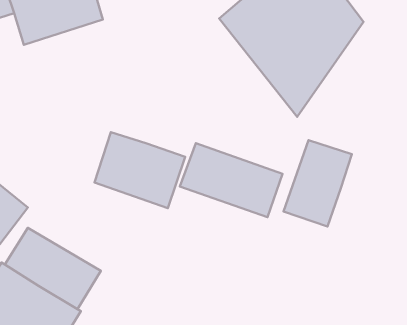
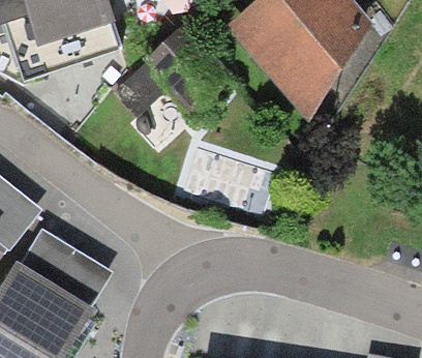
building: [94,132,185,208] -> none
building: [284,140,352,226] -> none

